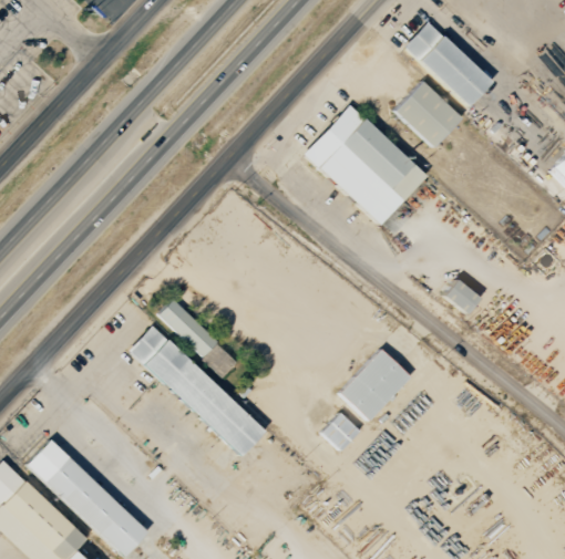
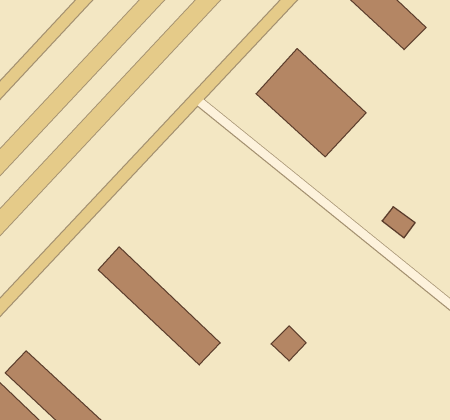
building: [394,80,462,147] -> none
building: [158,299,238,376] -> none
building: [340,349,411,421] -> none

